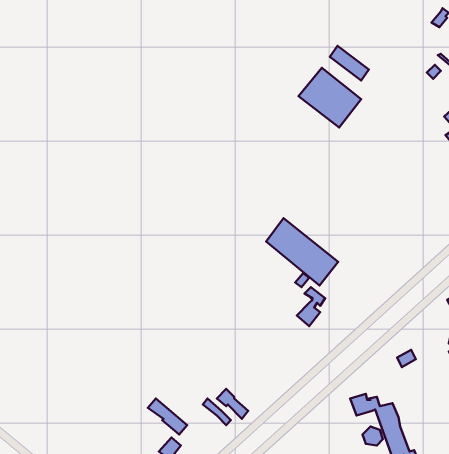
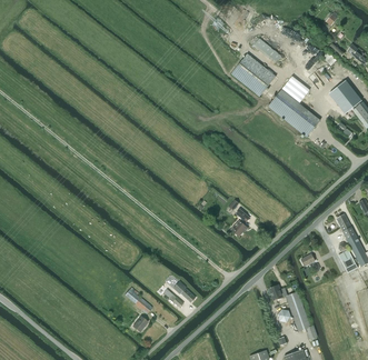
building: [266,218,338,285] -> [269,89,320,137]

